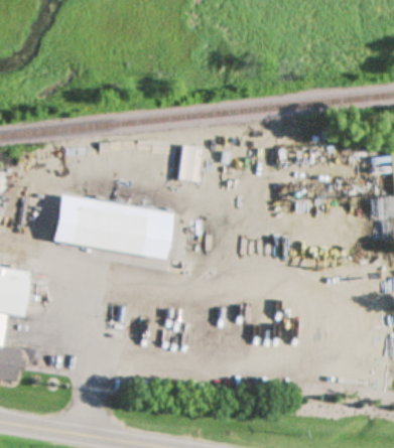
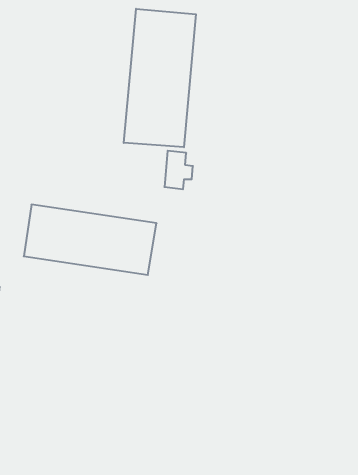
building: none -> [124,9,196,147]

